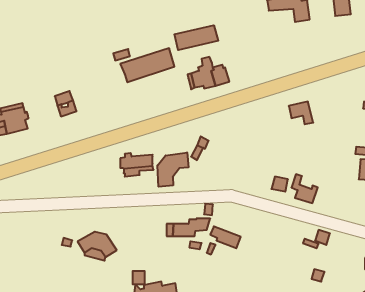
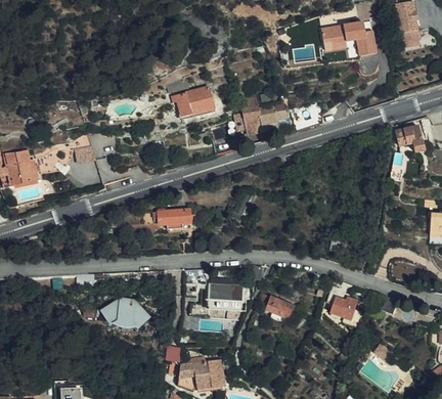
building: [174,25,218,50] -> none
building: [289,102,313,124] -> [396,125,425,151]
building: [157,152,188,187] -> none
building: [291,174,318,203] -> [327,285,358,319]

